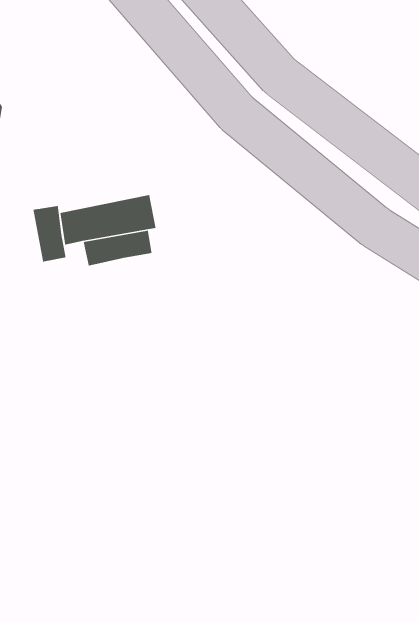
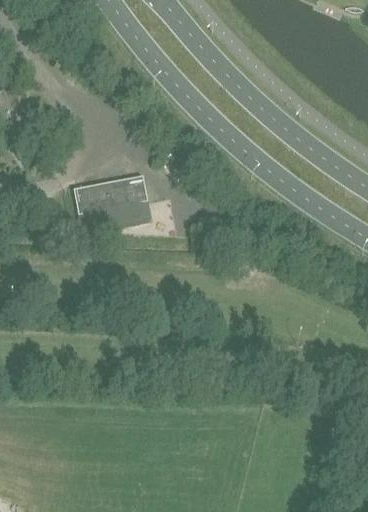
building: [33,205,67,263] -> none

